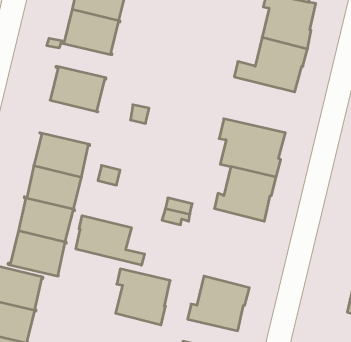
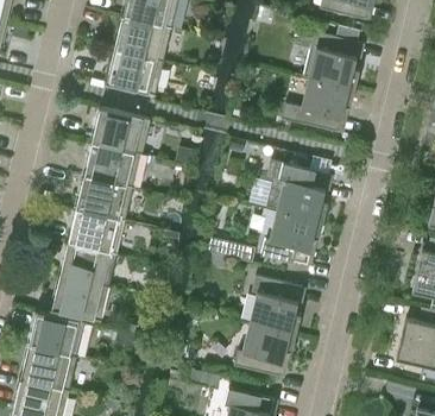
building: none -> [81,141,140,187]
building: [76,216,145,265] -> none
building: [116,269,170,325] -> [248,276,304,333]

